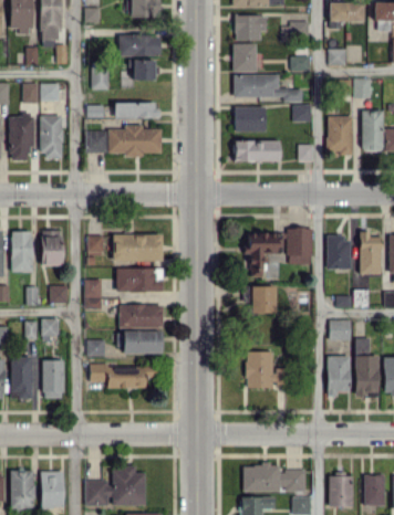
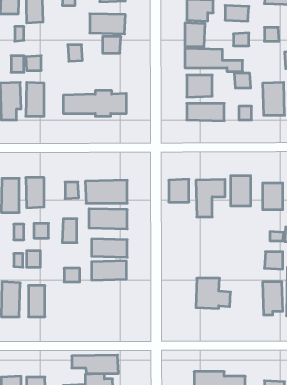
building: [114,103,158,118] -> none
building: [251,285,276,313] -> [169,179,189,202]
building: [90,366,146,388] -> [72,355,118,373]

